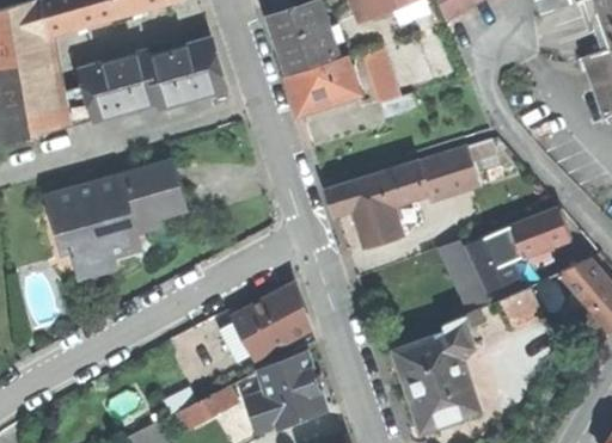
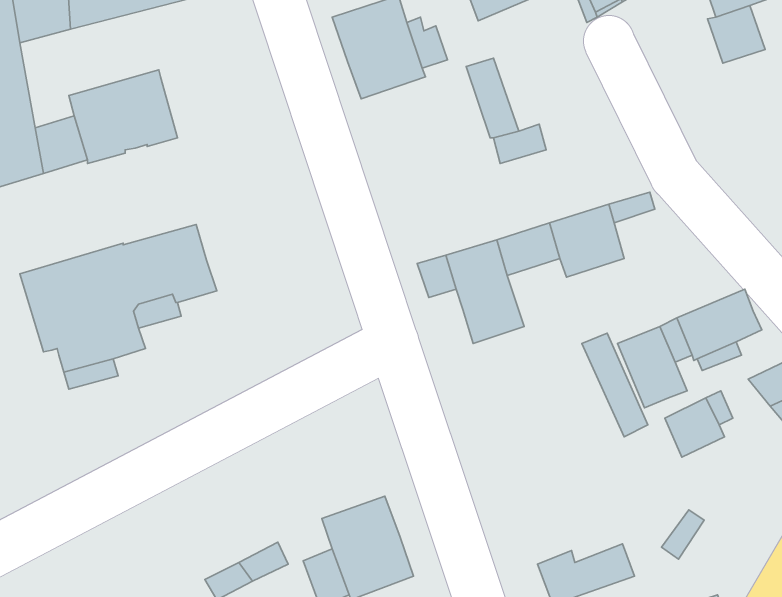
building: [146,39,224,106] -> none
building: [288,59,355,111] -> none
building: [233,287,311,359] -> none
building: [396,315,473,401] -> none

